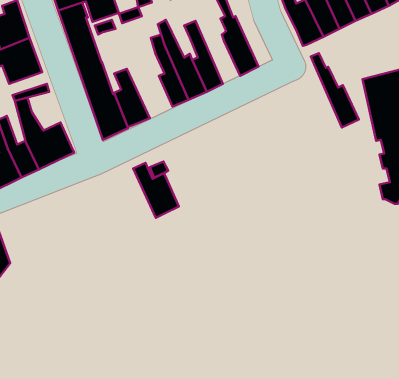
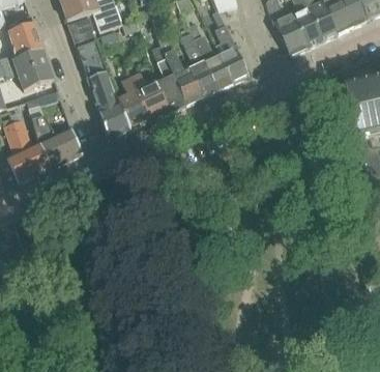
building: [311,53,359,127] -> [188,23,232,90]
building: [133,163,179,218] -> [129,71,171,121]

